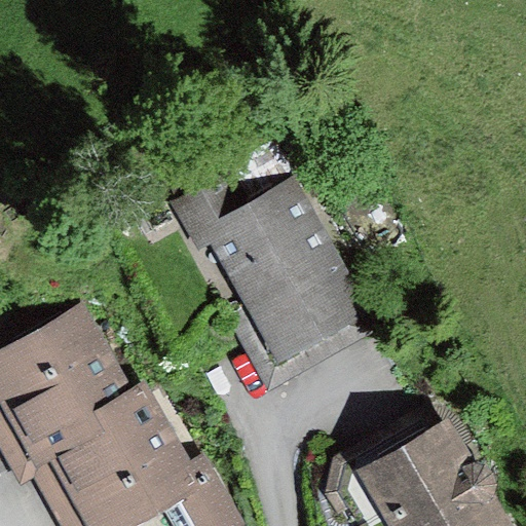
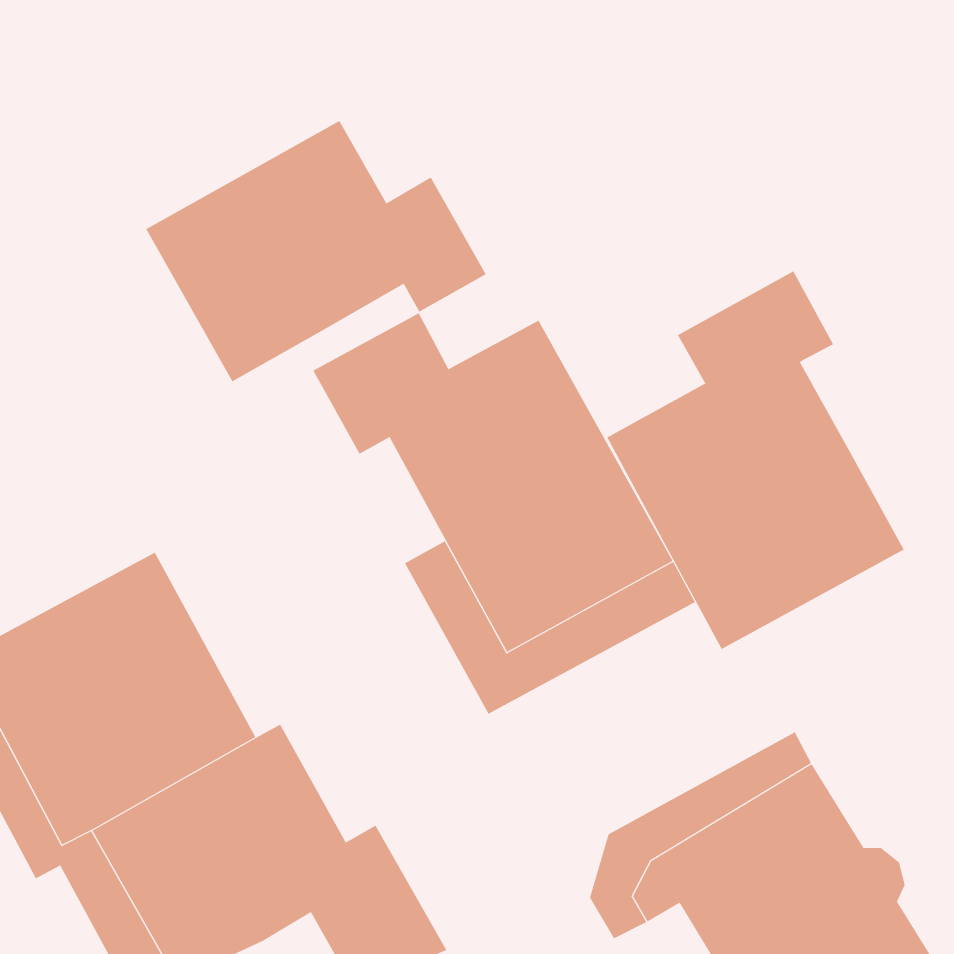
building: none -> [145,120,487,382]
building: none -> [607,270,905,650]

